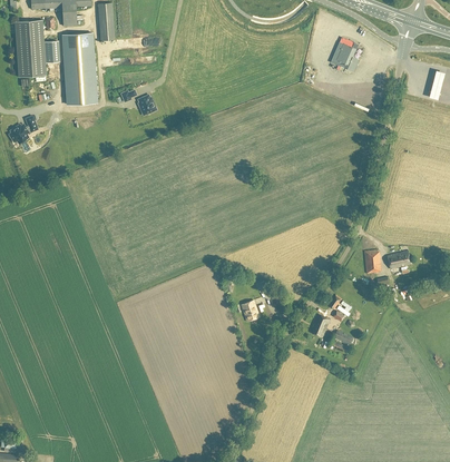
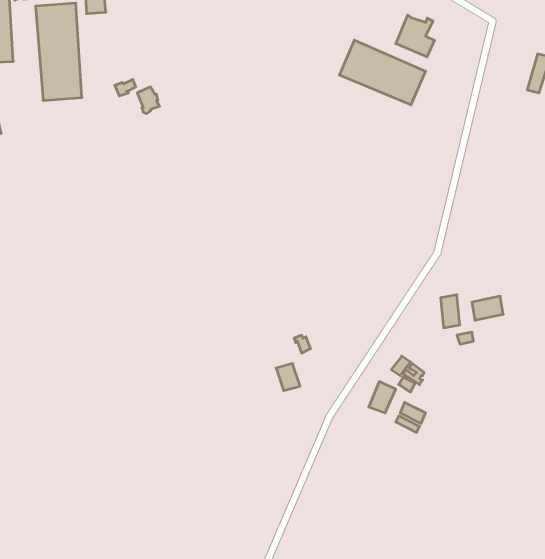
building: none -> [339,40,425,105]

